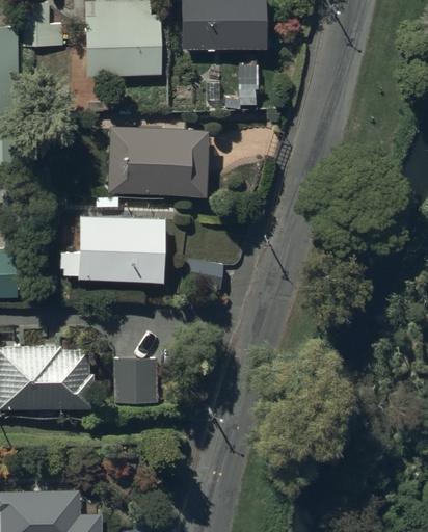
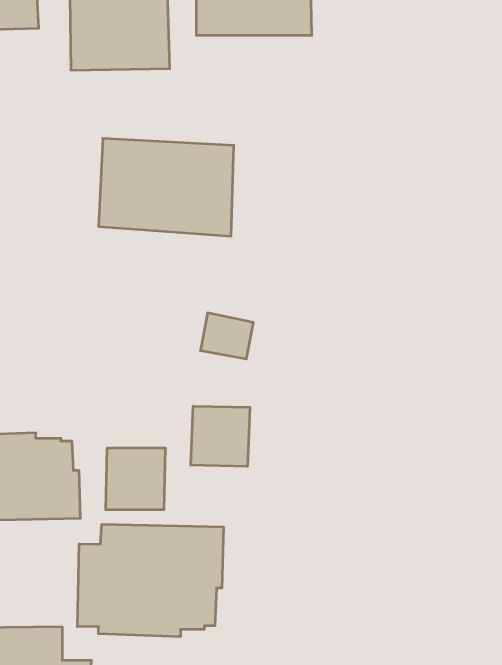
building: [60,217,164,283] -> none
building: none -> [191,406,250,466]
building: none -> [77,524,223,637]

